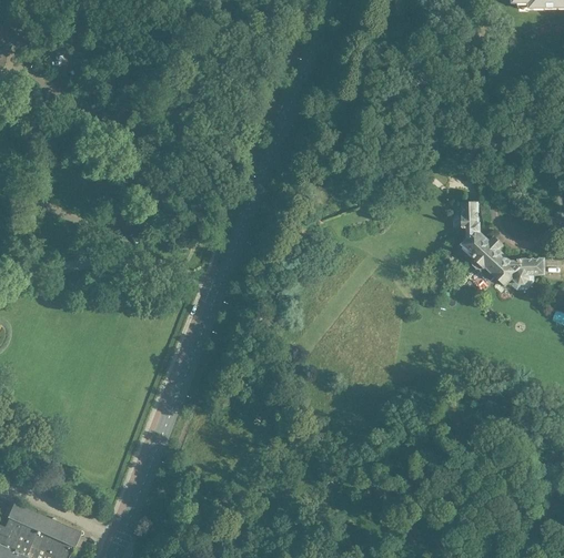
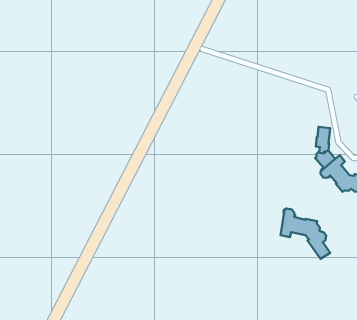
building: none -> [281,208,330,259]

